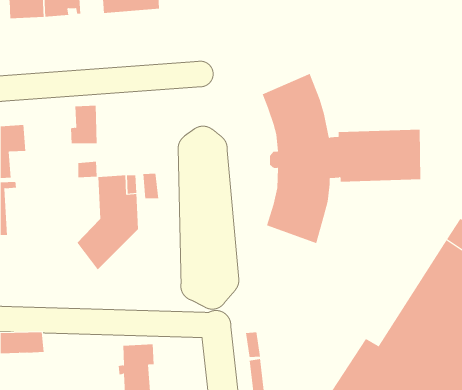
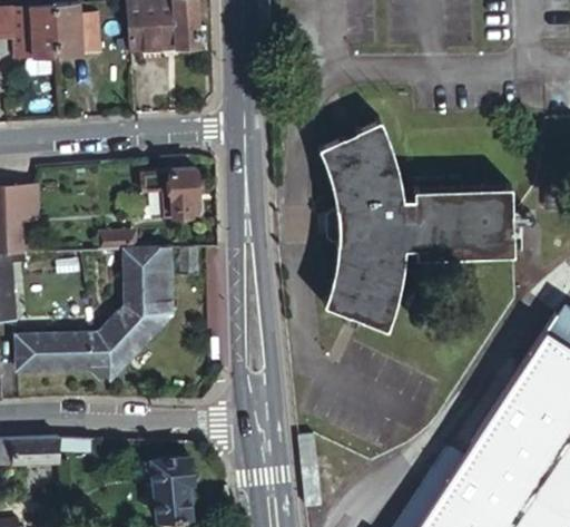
building: [70,105,98,144] -> [160,168,194,215]
building: none -> [14,331,122,379]

